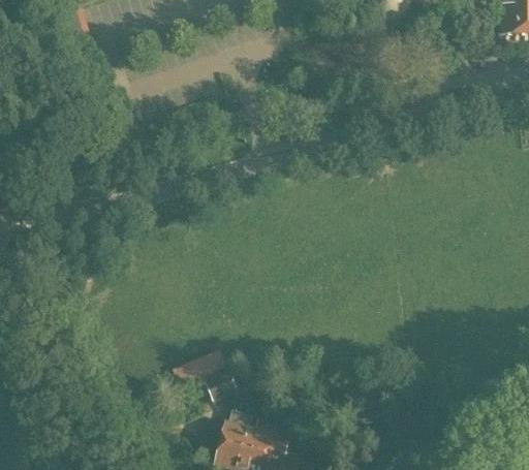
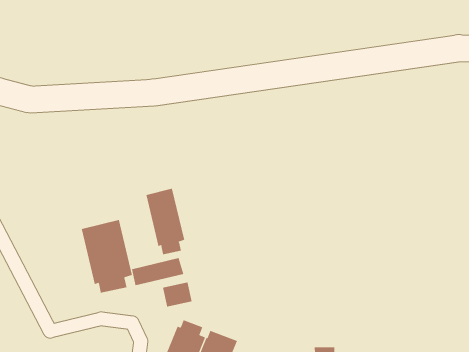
building: none -> [146,188,185,255]
building: none -> [81,219,133,293]

